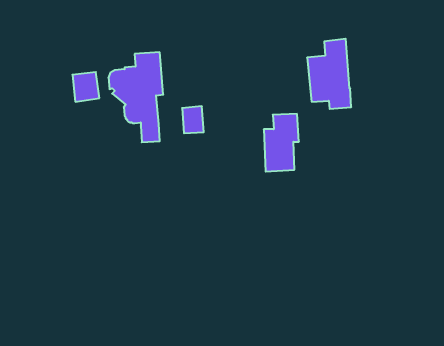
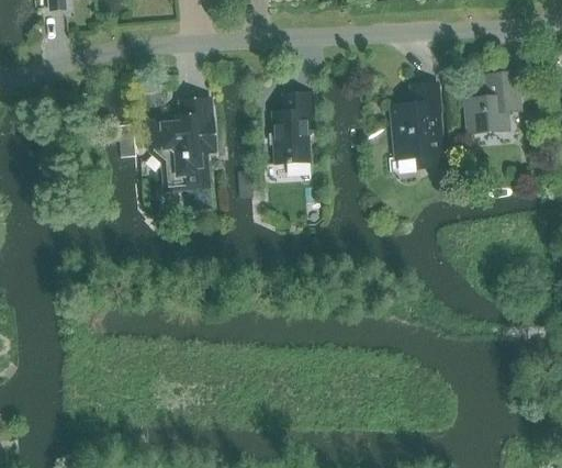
building: none -> [465,71,519,132]
building: [264,114,299,172] -> [272,92,315,163]

